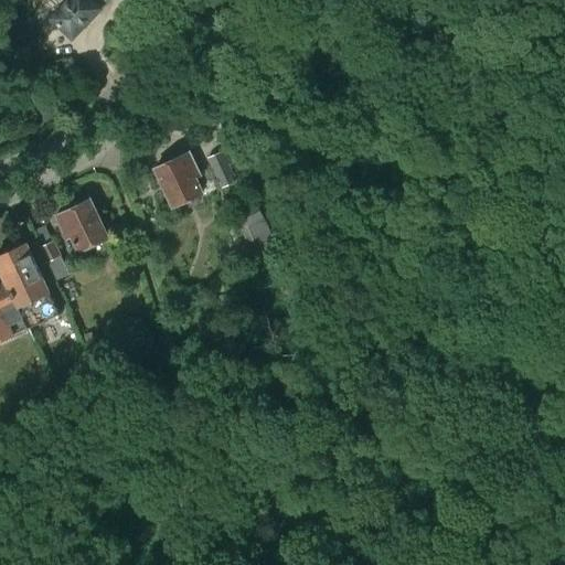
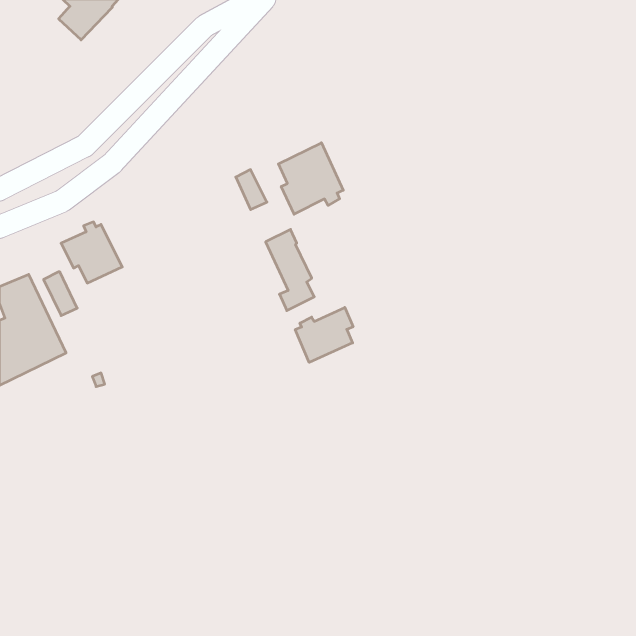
building: none -> [278,143,343,214]
building: [154,151,202,205] -> none
building: none -> [295,307,353,362]

